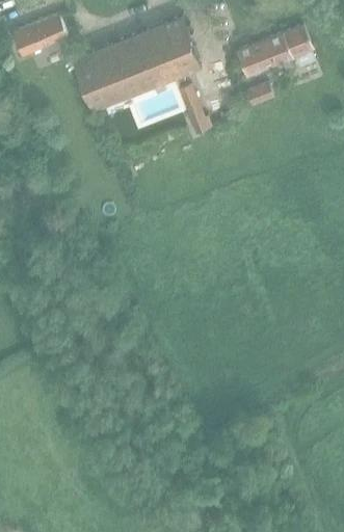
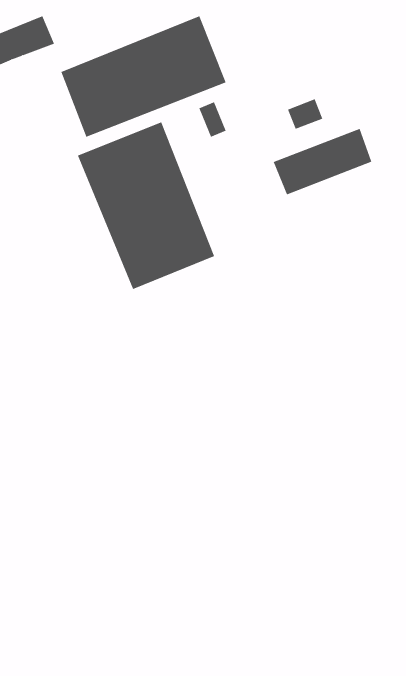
building: [237,24,314,76] -> [273,128,372,195]
building: none -> [77,122,215,290]

